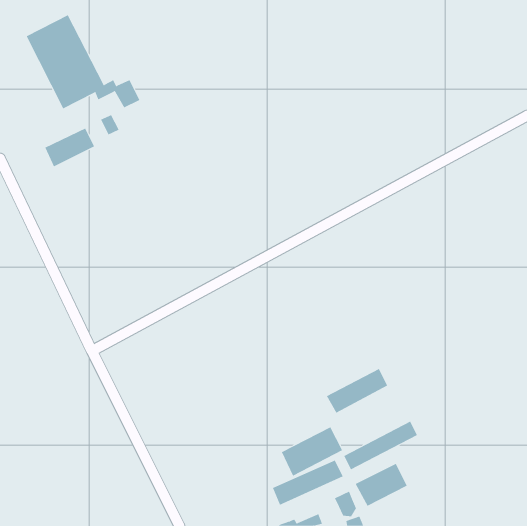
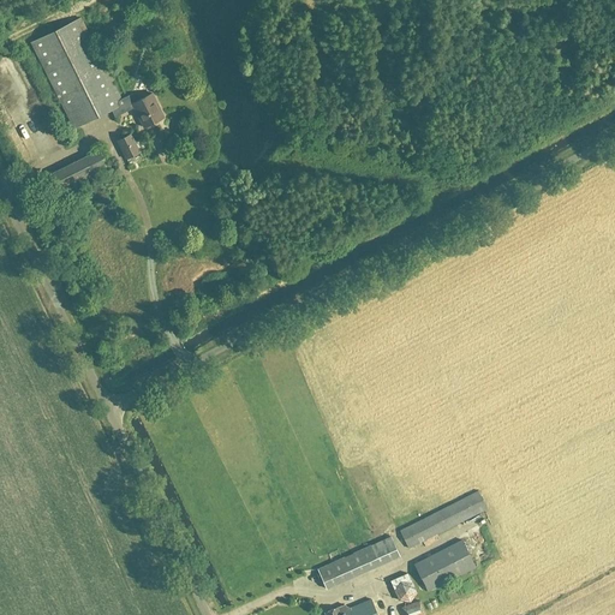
building: [326,368,388,414] -> none
building: [281,426,343,477] -> none

